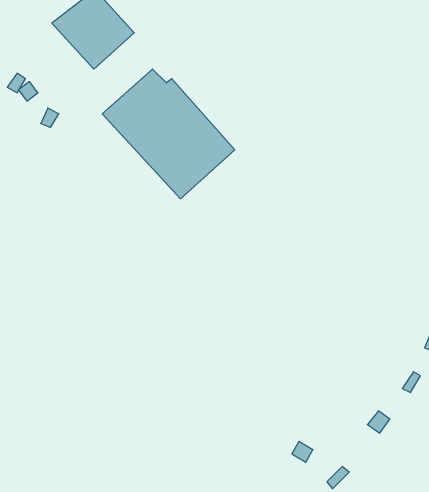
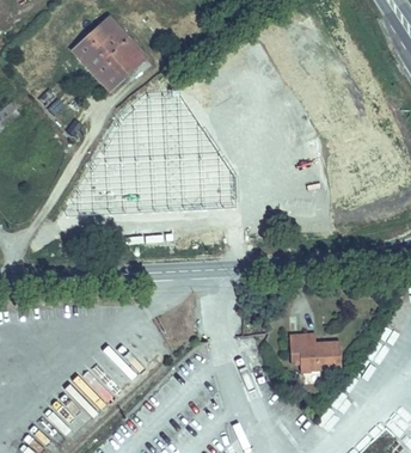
building: none -> [274,330,327,371]

